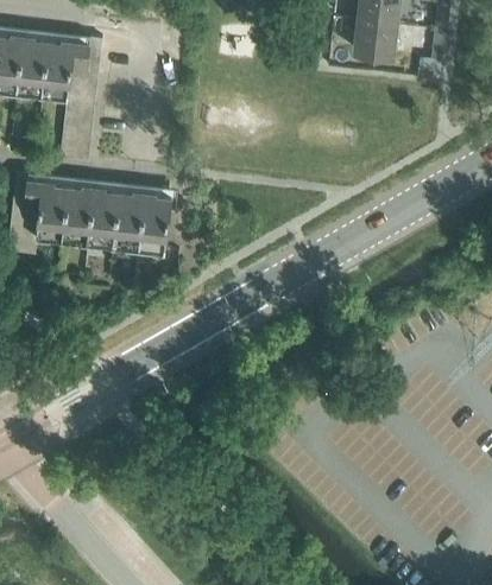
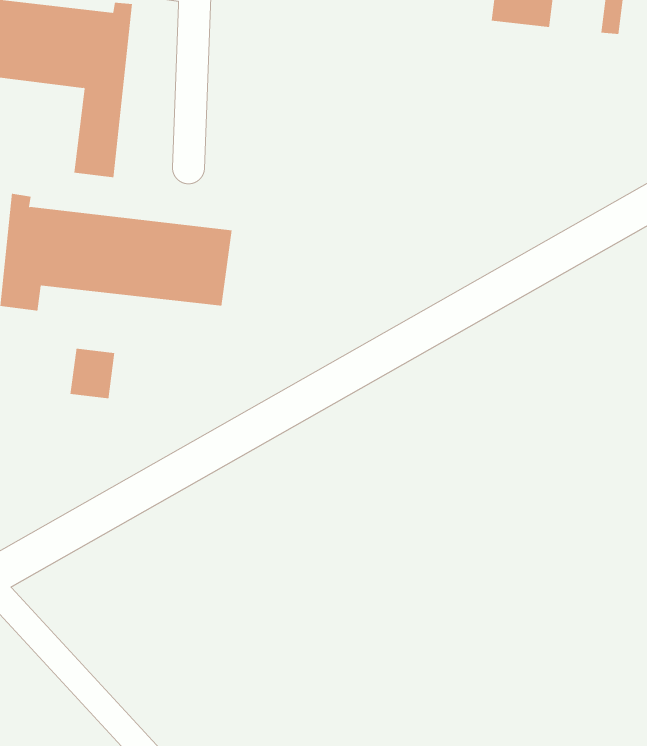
building: none -> [70,348,115,399]

